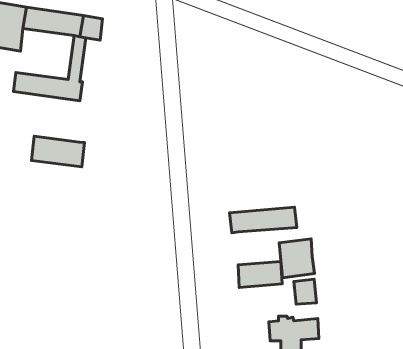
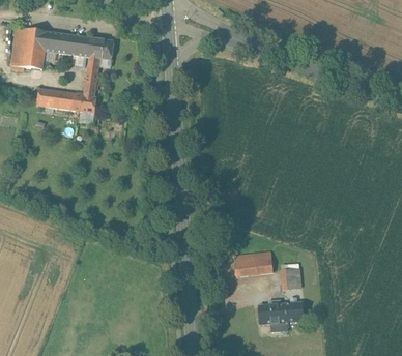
building: [31,136,85,167] -> none
building: [230,207,297,233] -> none
building: [279,239,315,278] -> none

